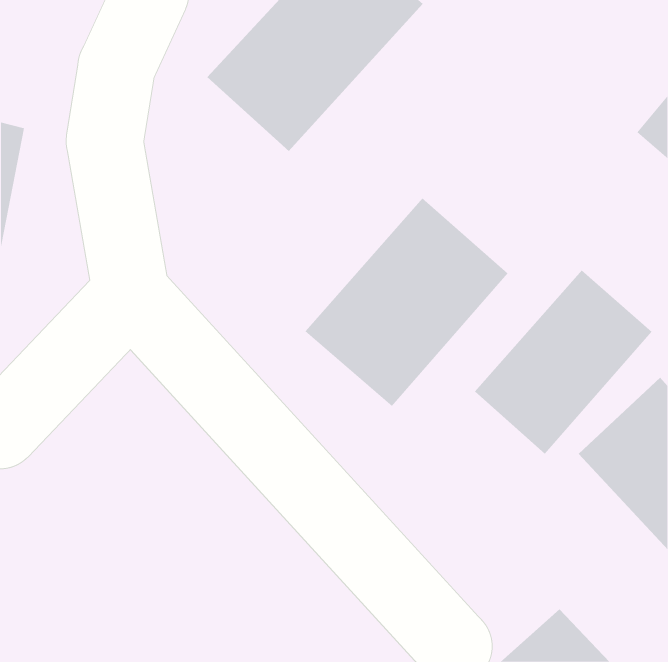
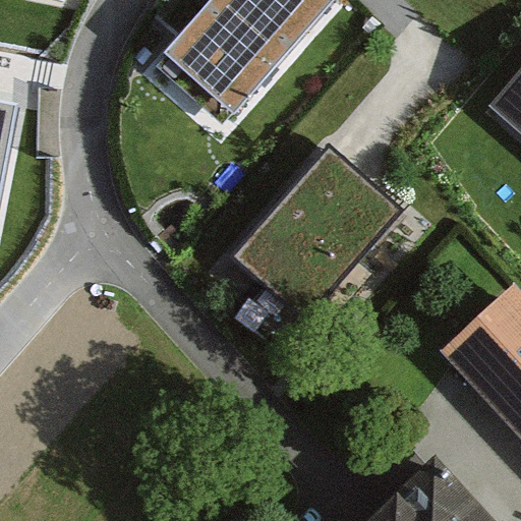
building: [474,270,653,455] -> none

